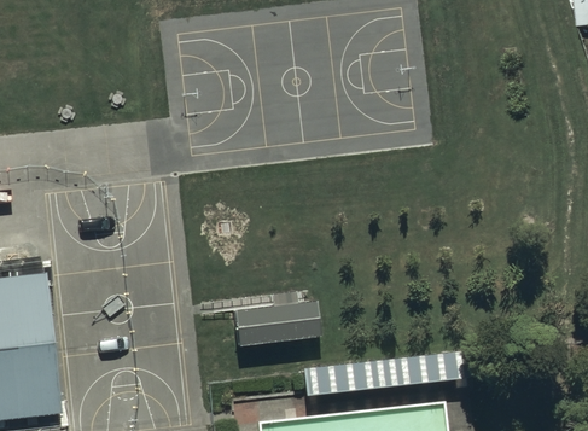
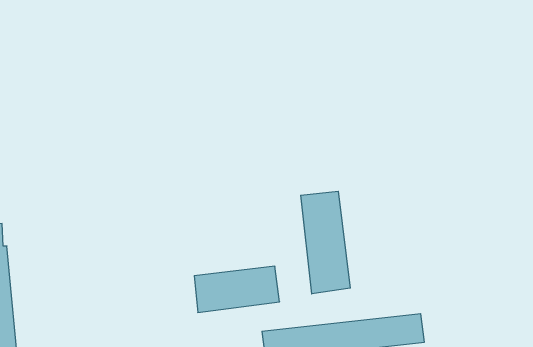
building: none -> [301,191,350,294]

